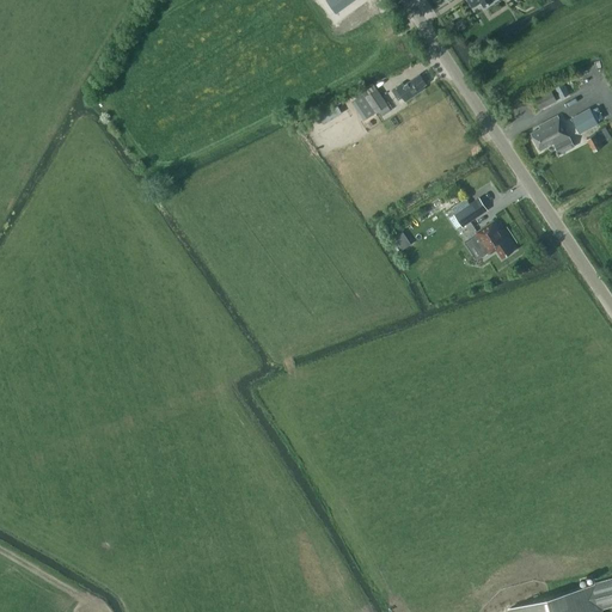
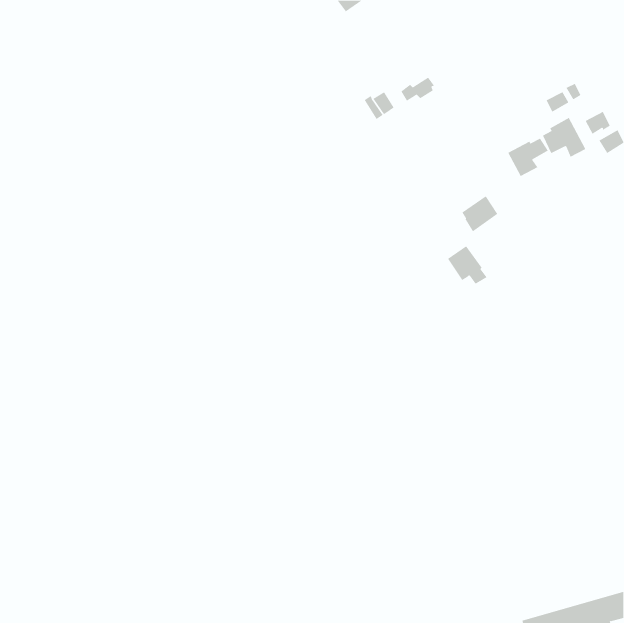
building: none -> [508,138,549,177]
building: [475,221,514,259] -> [447,246,487,285]

